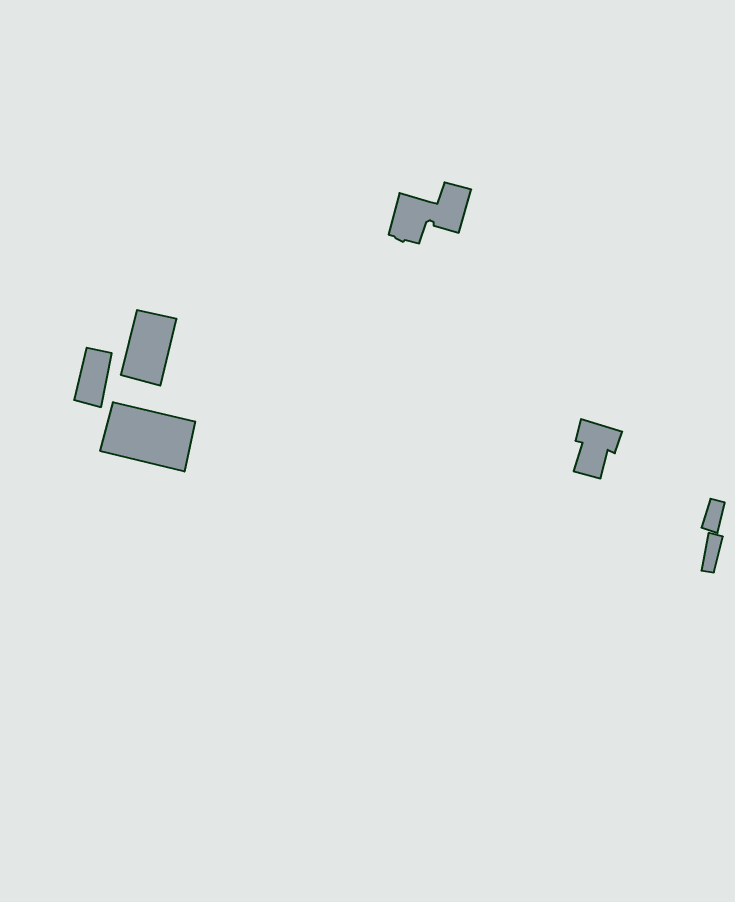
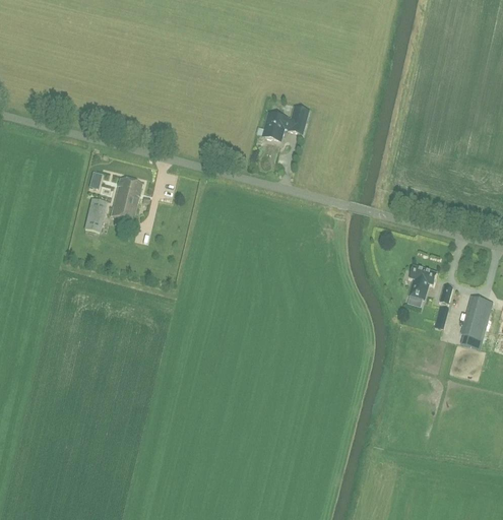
building: [100,402,195,472] -> none
building: [574,419,622,478] -> [408,264,436,298]

